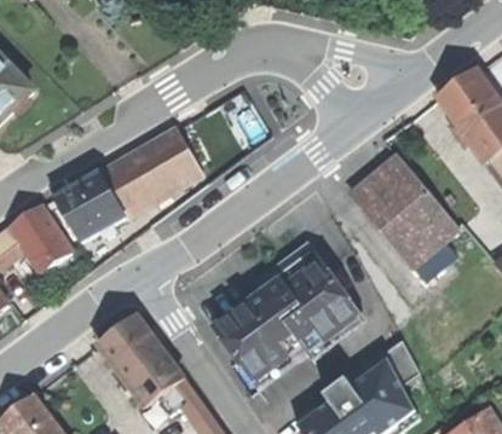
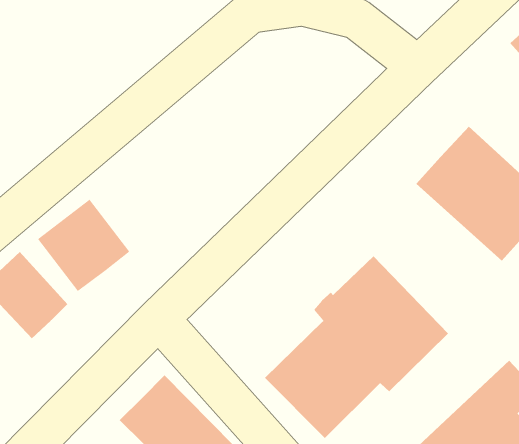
building: [99,128,202,216] -> none

